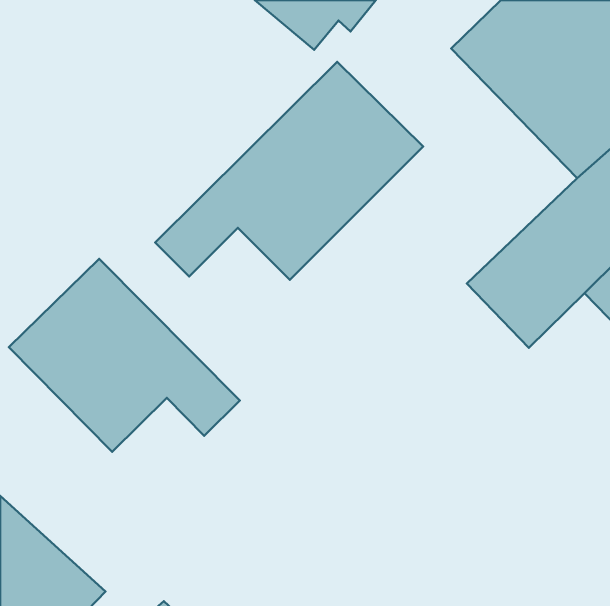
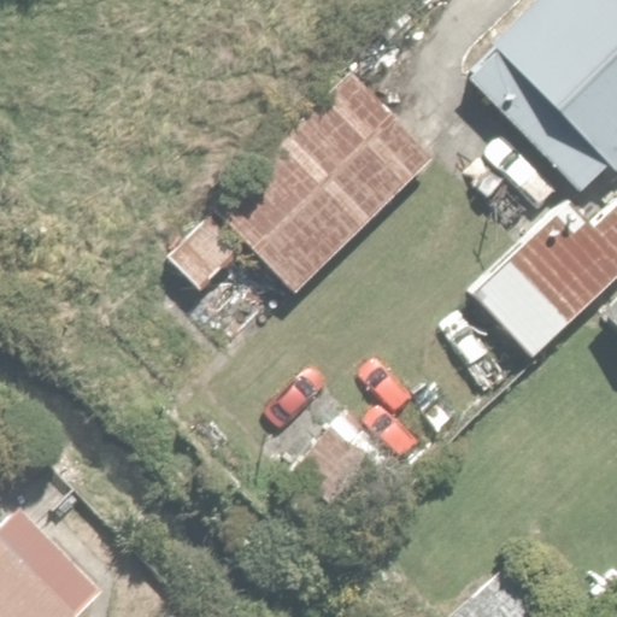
building: [9,259,240,452] -> none

